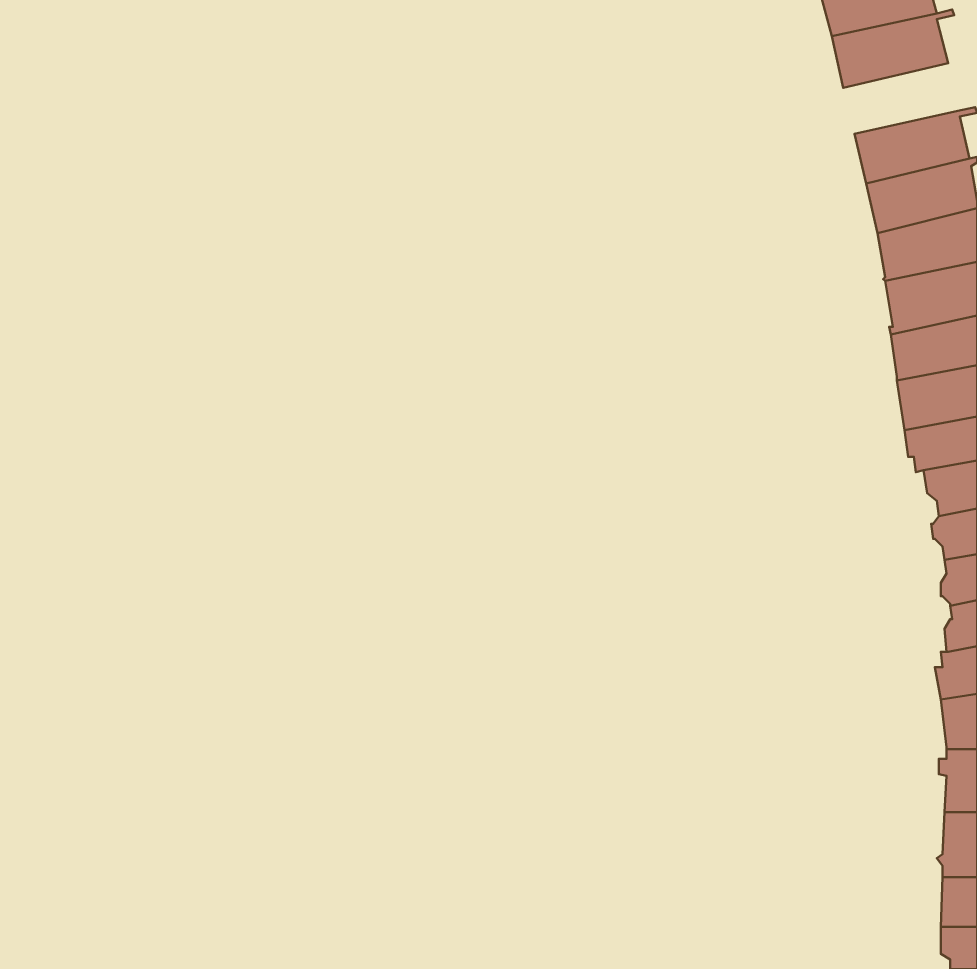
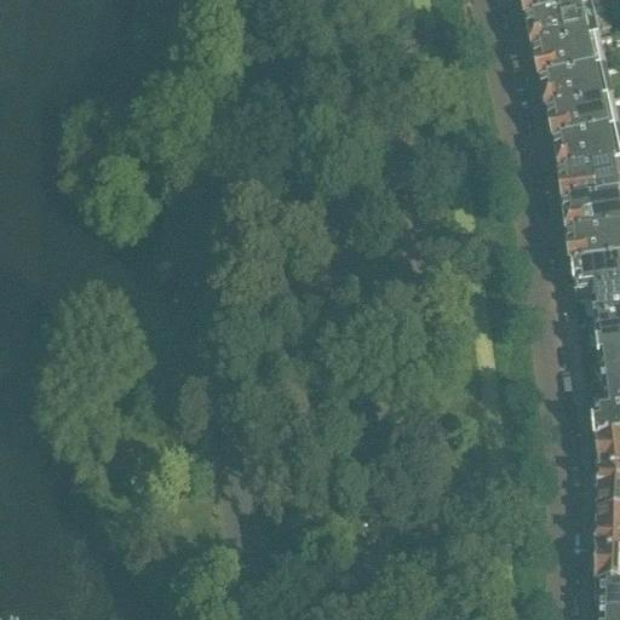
building: none -> [534,39,612,85]

